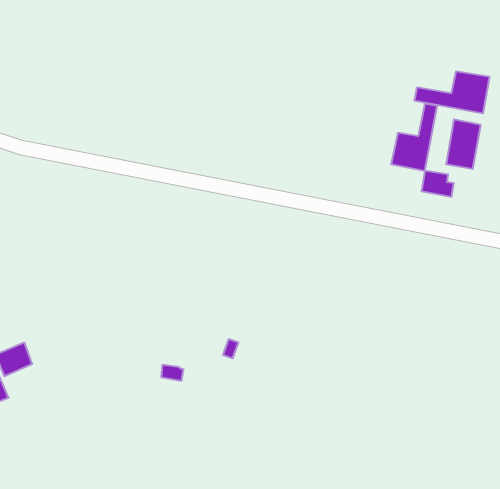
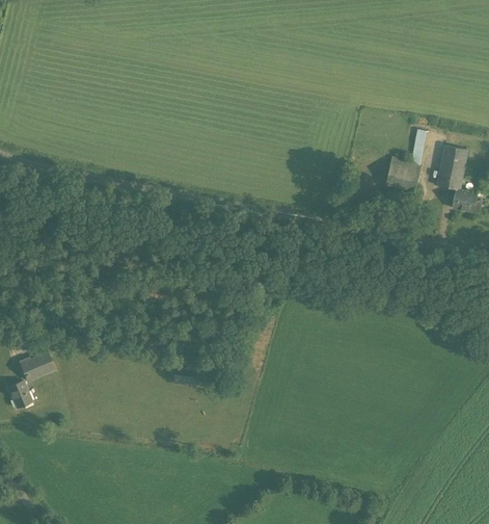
building: [415,71,489,113] -> none
building: [421,171,454,197] -> [452,189,482,213]

